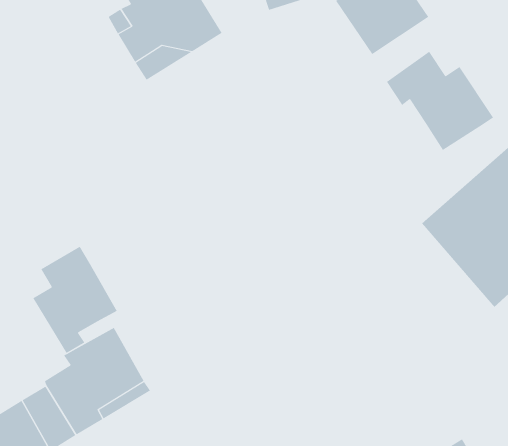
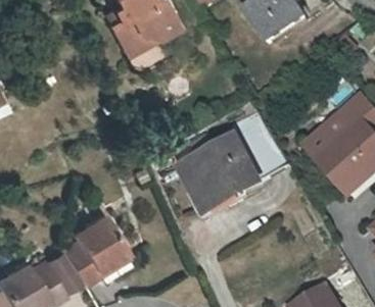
building: [386,51,494,151] -> none
building: none -> [187,115,293,215]
building: [32,246,118,354] -> none

